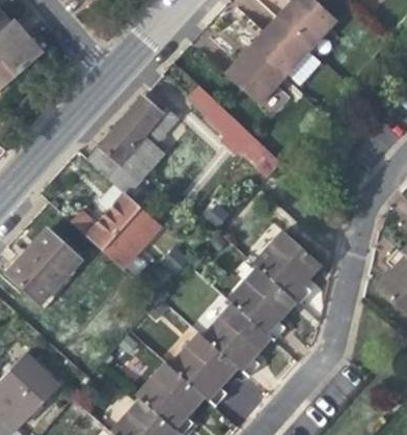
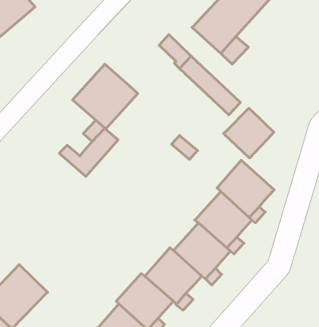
building: [124,91,177,144] -> none
building: none -> [224,108,274,158]
building: [102,207,160,267] -> none
building: [6,229,79,303] -> none

